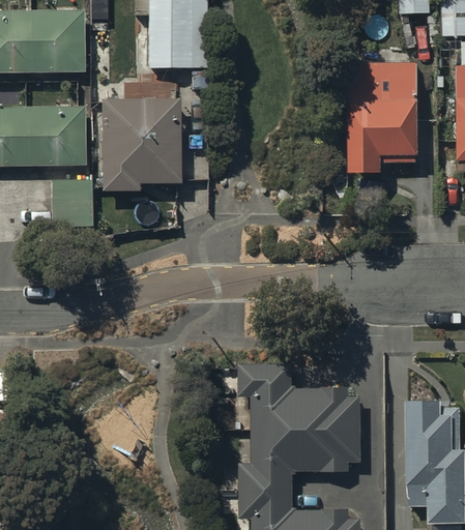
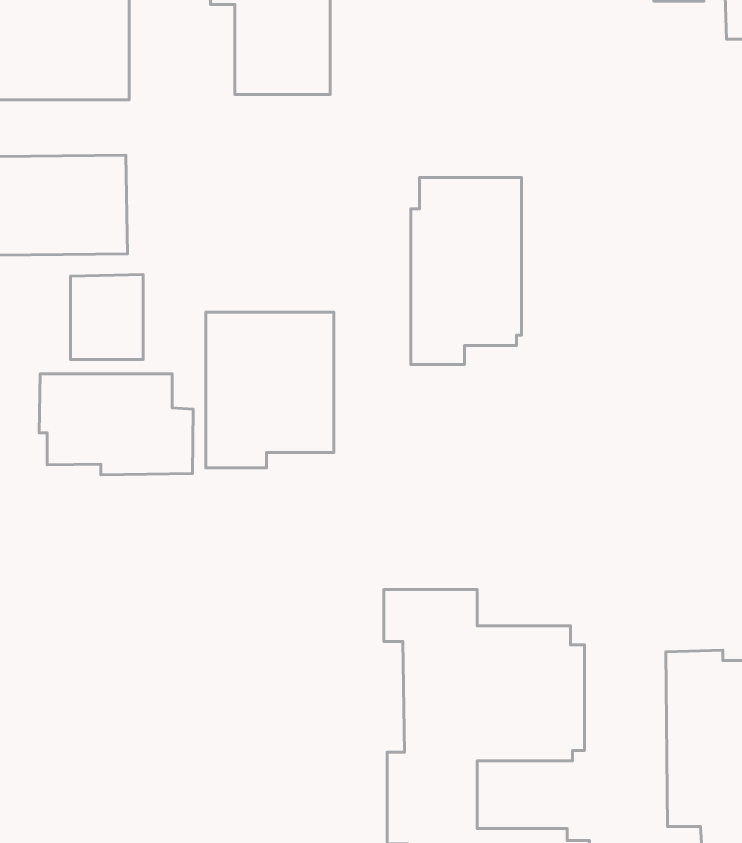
building: [349,62,415,174] -> [411,178,522,365]
building: [101,99,178,193] -> [206,312,334,468]
building: none -> [39,374,193,475]

